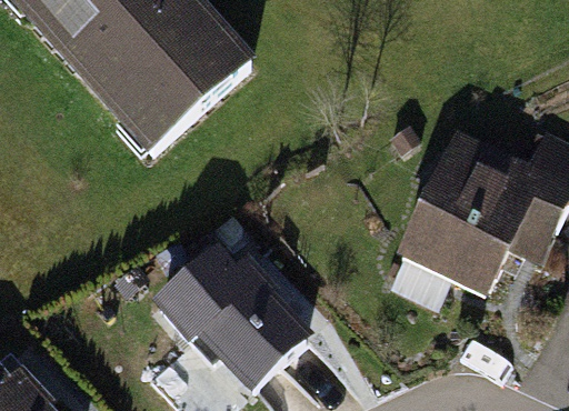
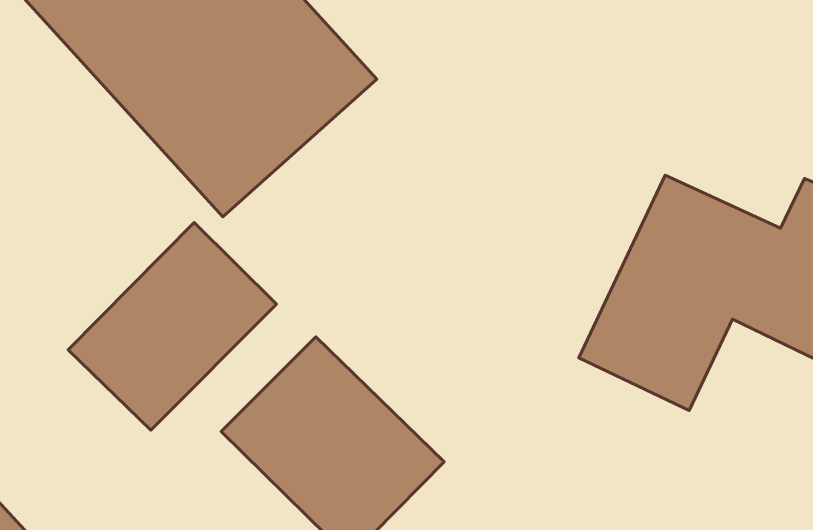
building: none -> [68,222,277,430]

